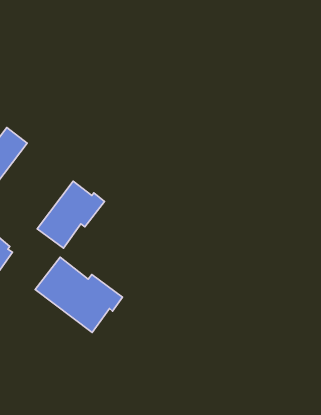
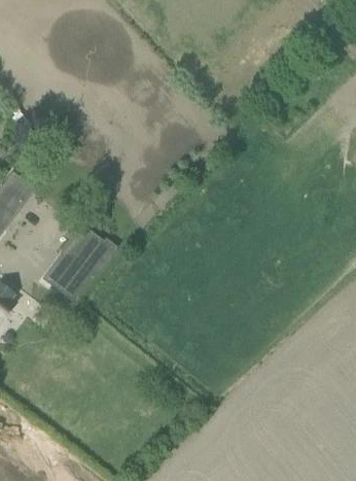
building: [35,257,122,332] -> none

